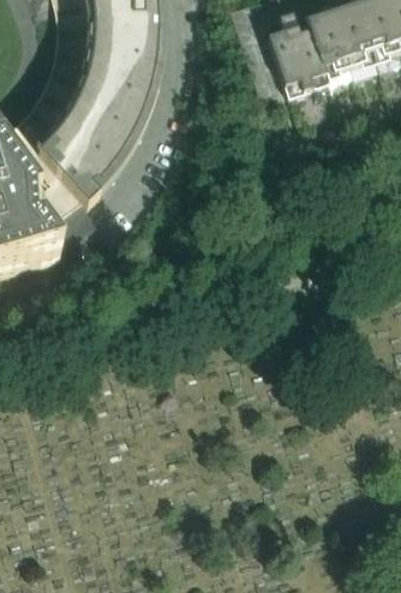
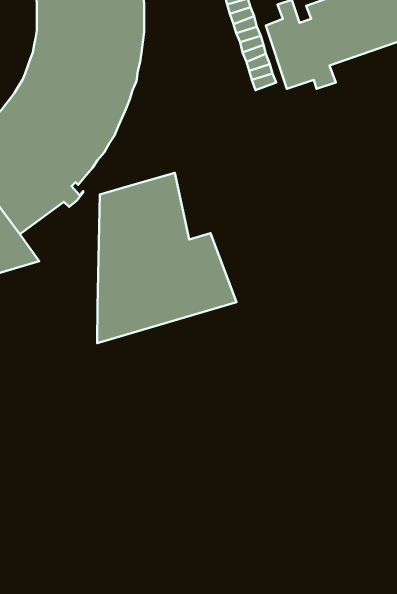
building: none -> [97,173,237,343]

